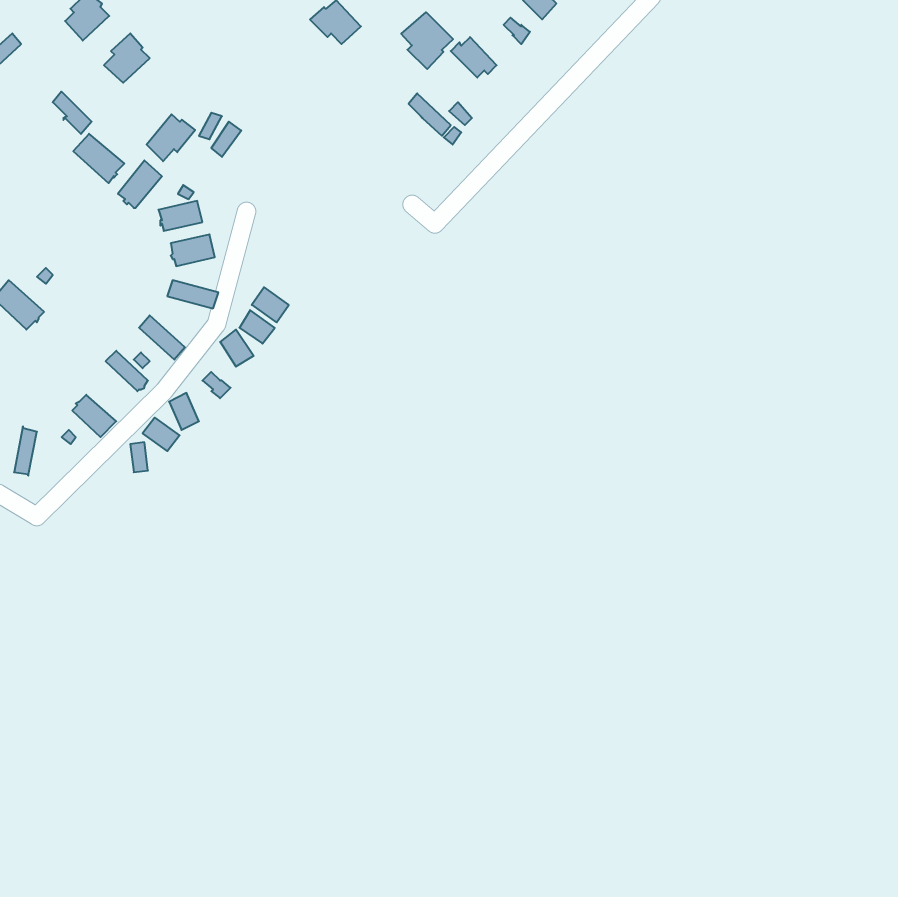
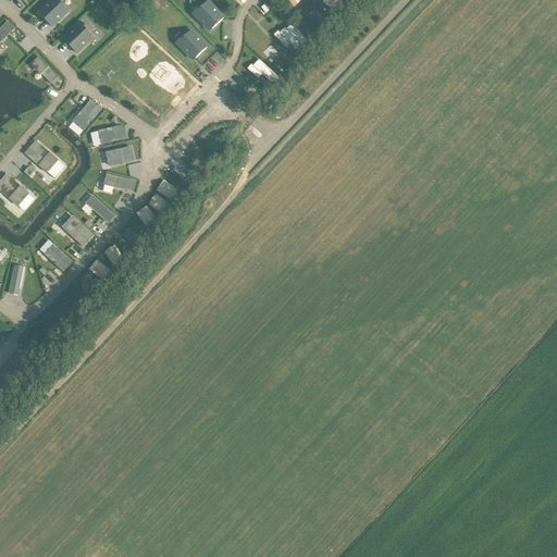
building: [401,12,453,69] -> none
building: none -> [175,29,207,57]
building: [147,114,195,161] -> none
building: [73,134,124,183] -> [25,140,57,171]

